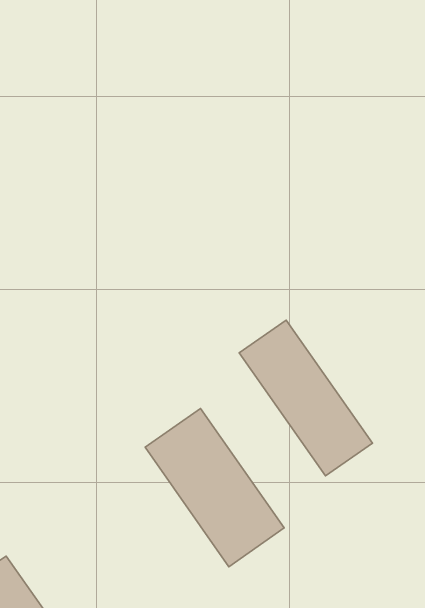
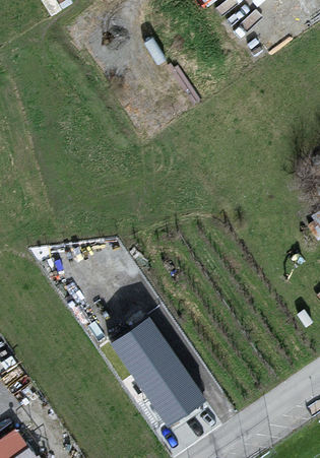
building: [239,320,372,476] -> none

